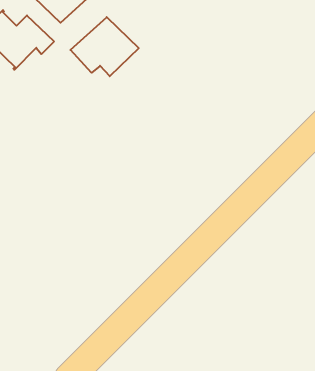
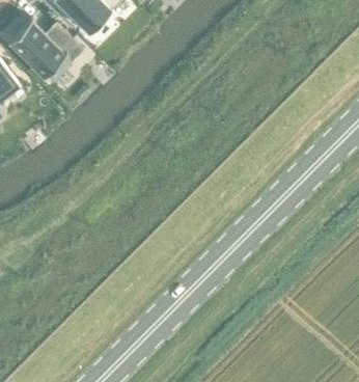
building: [70,17,139,76] -> none

